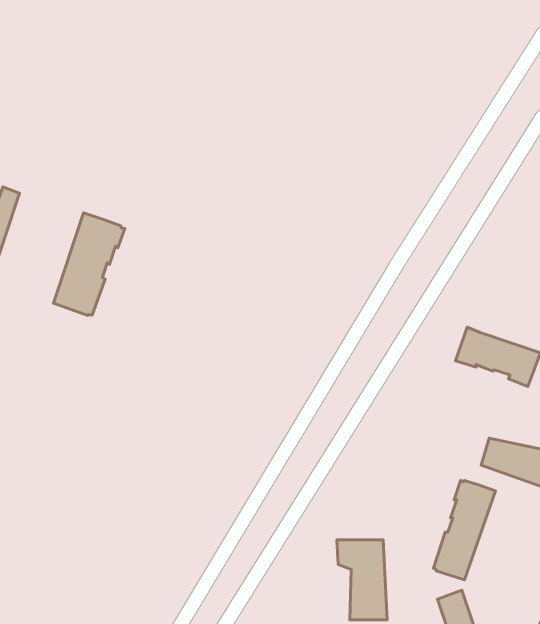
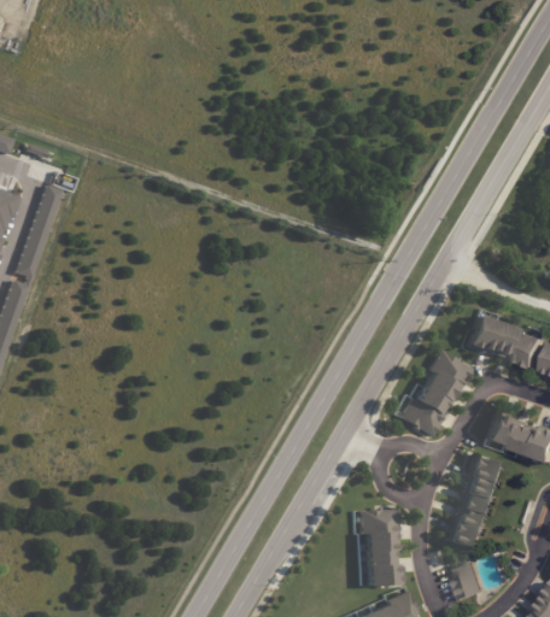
building: [54,213,125,315] -> none
building: none -> [402,355,472,439]

